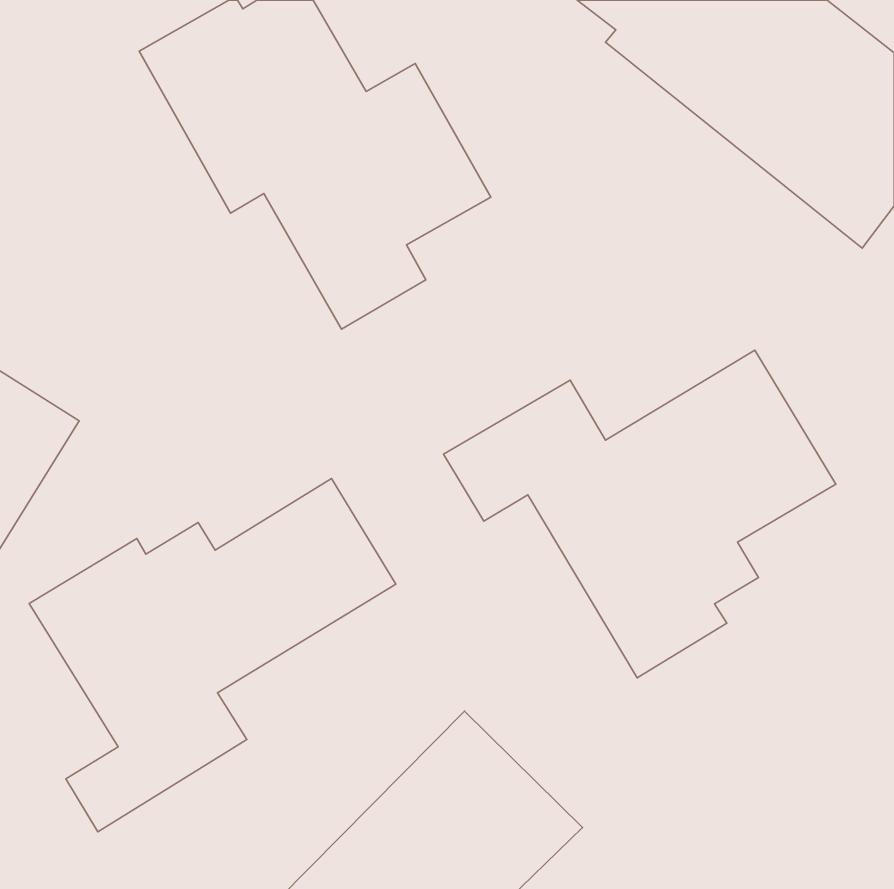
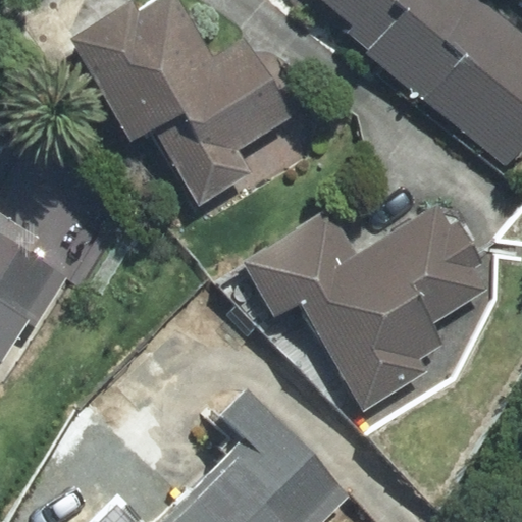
building: [29,478,396,832] -> none

